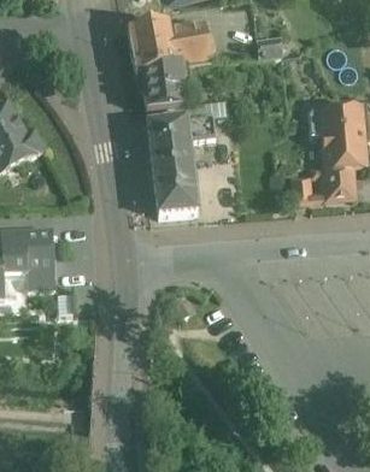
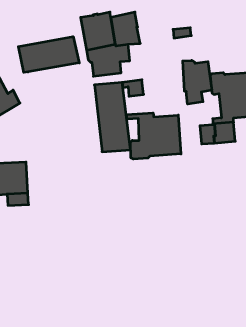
building: none -> [18,37,79,72]
building: none -> [183,60,212,104]
building: none -> [126,113,181,159]

